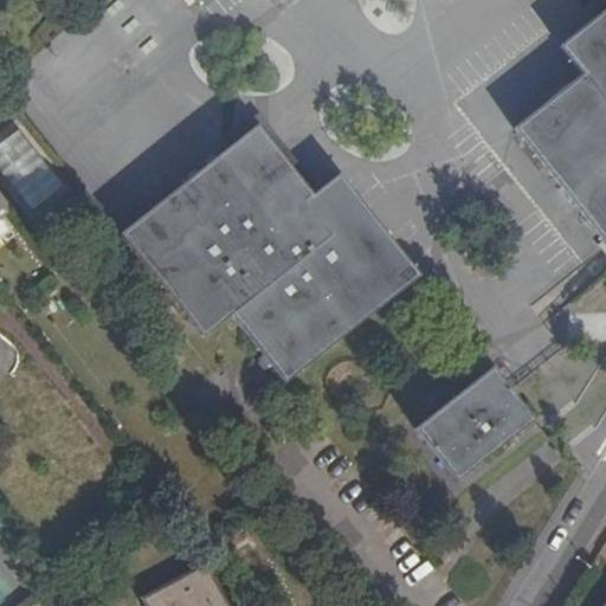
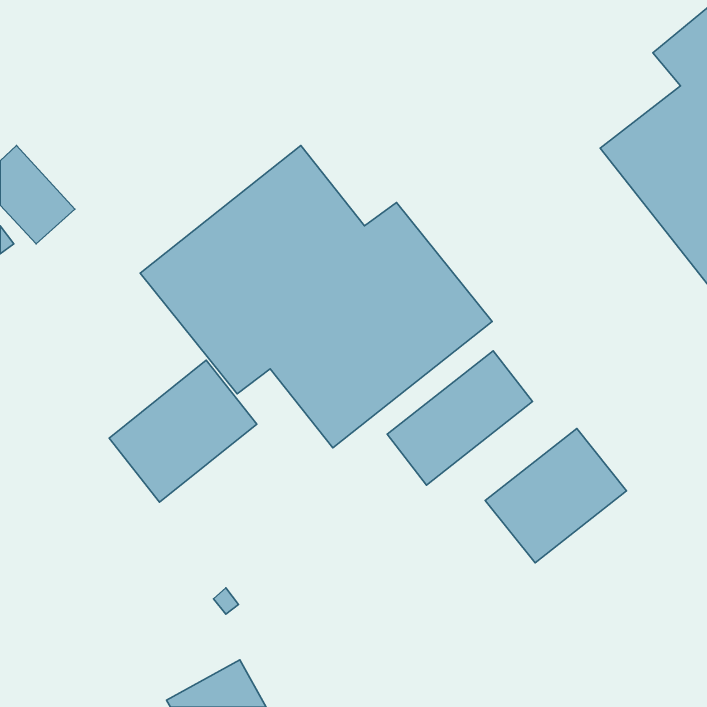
building: none -> [387,351,532,485]
building: none -> [109,360,257,502]

